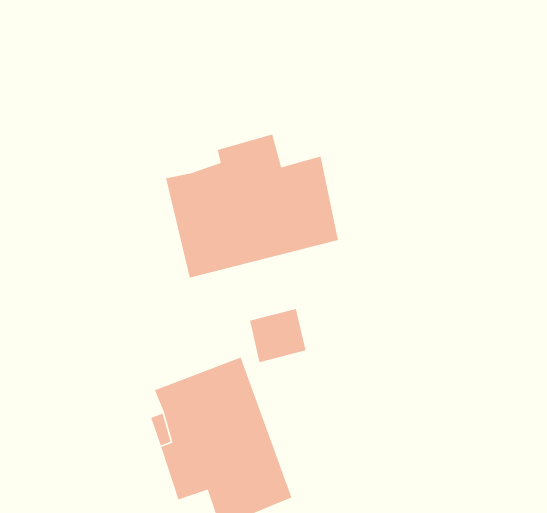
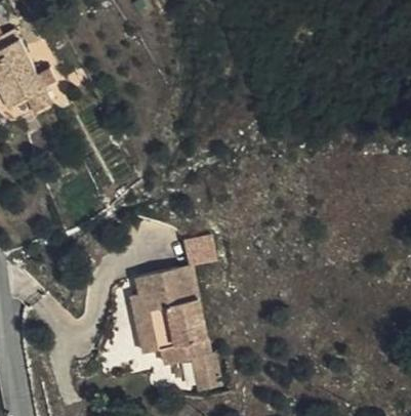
building: [165,133,339,279] -> none

